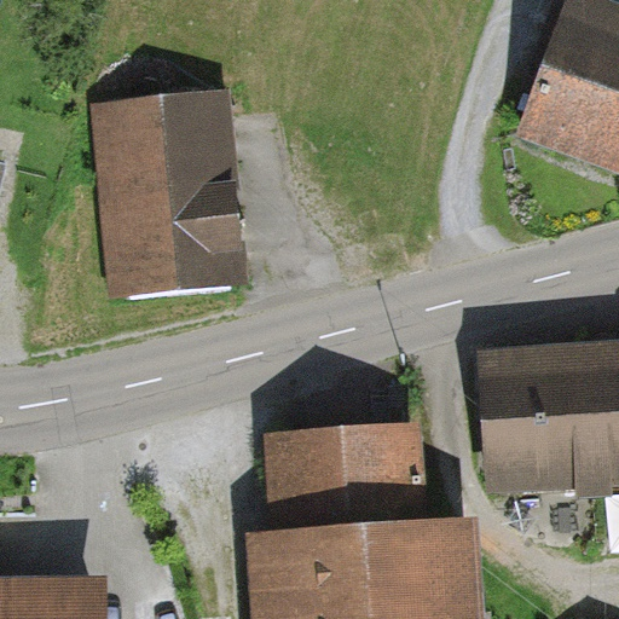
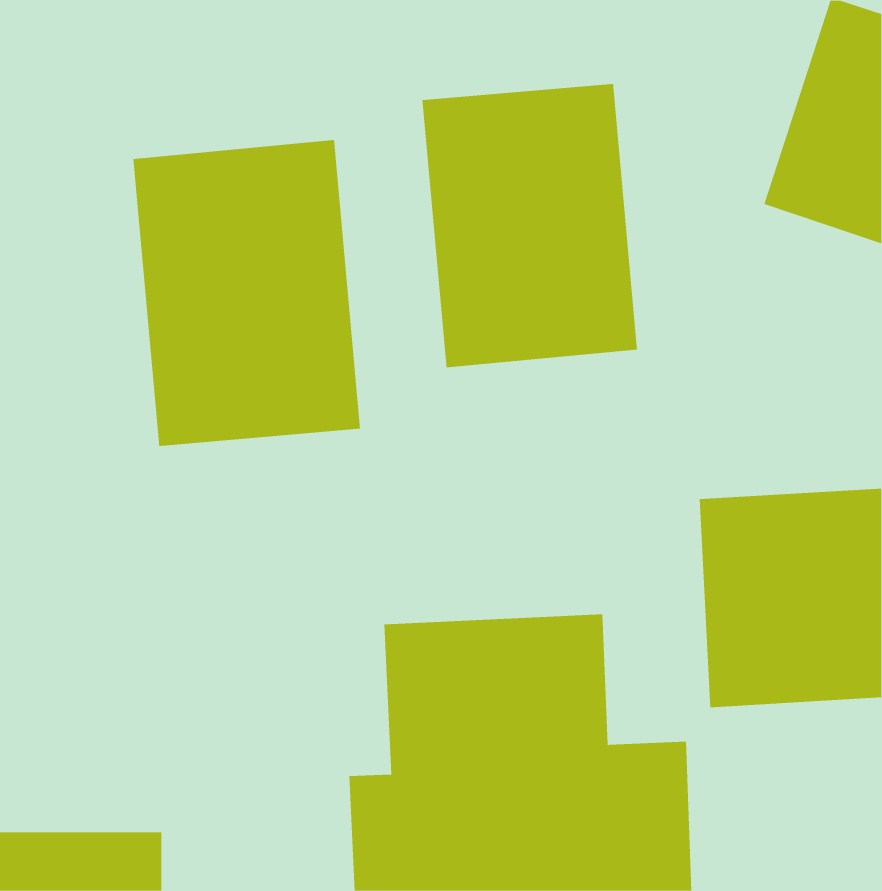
building: none -> [422,83,637,368]

